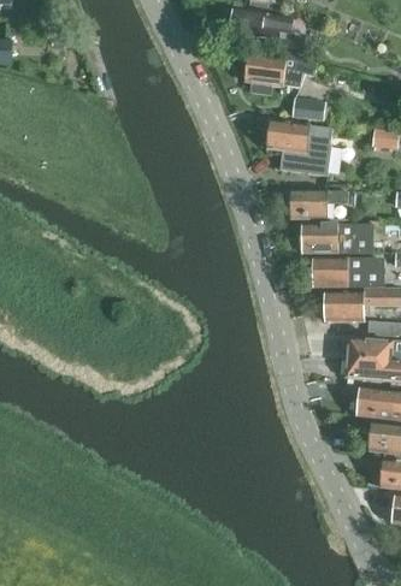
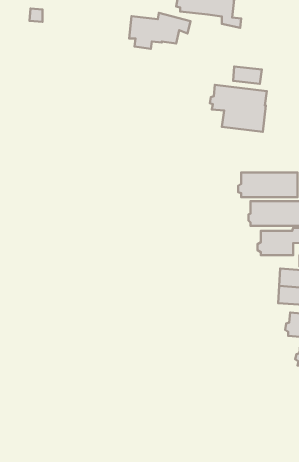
building: [246,51,318,93] -> [129,13,190,49]
building: [288,190,347,219] -> none

